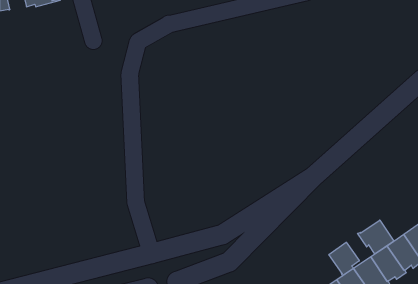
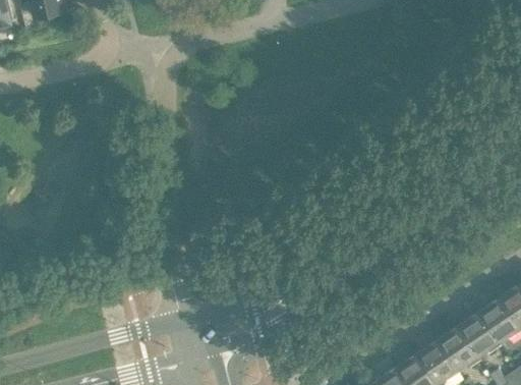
building: [358,220,394,254] -> none
building: [329,242,359,276] -> none

